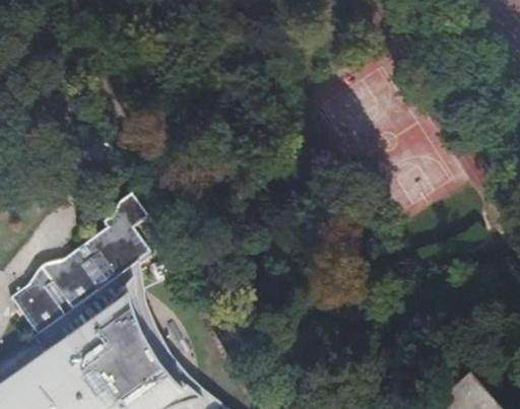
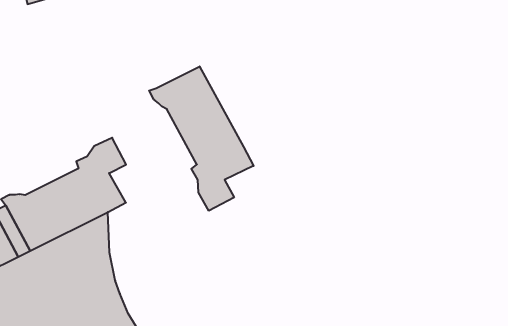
building: none -> [149,66,254,211]

